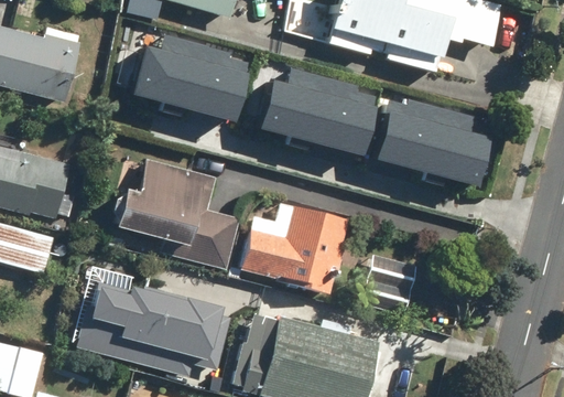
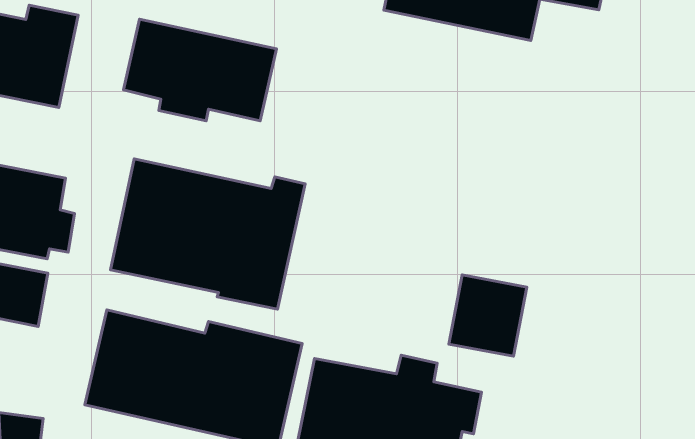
building: [245,75,376,163] -> none
building: [367,99,498,187] -> none
building: [238,198,352,294] -> none

